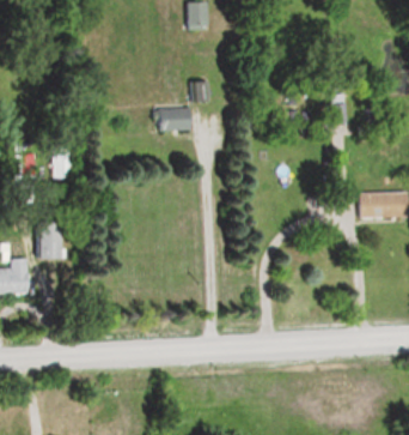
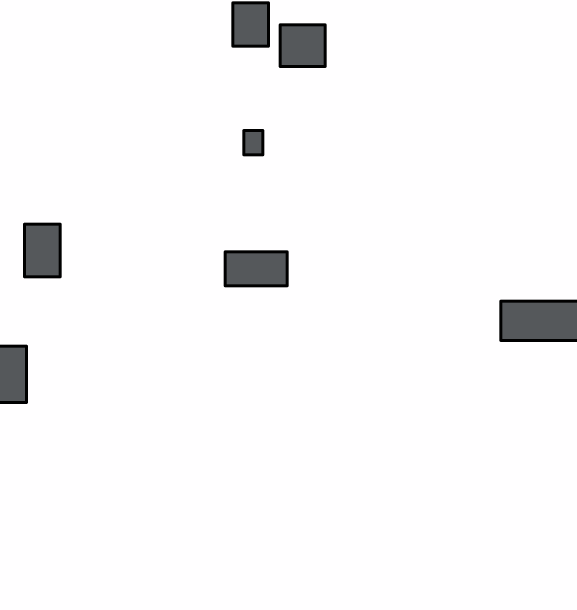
building: none -> [280,25,325,67]
building: [155,108,195,129] -> [225,252,287,286]

